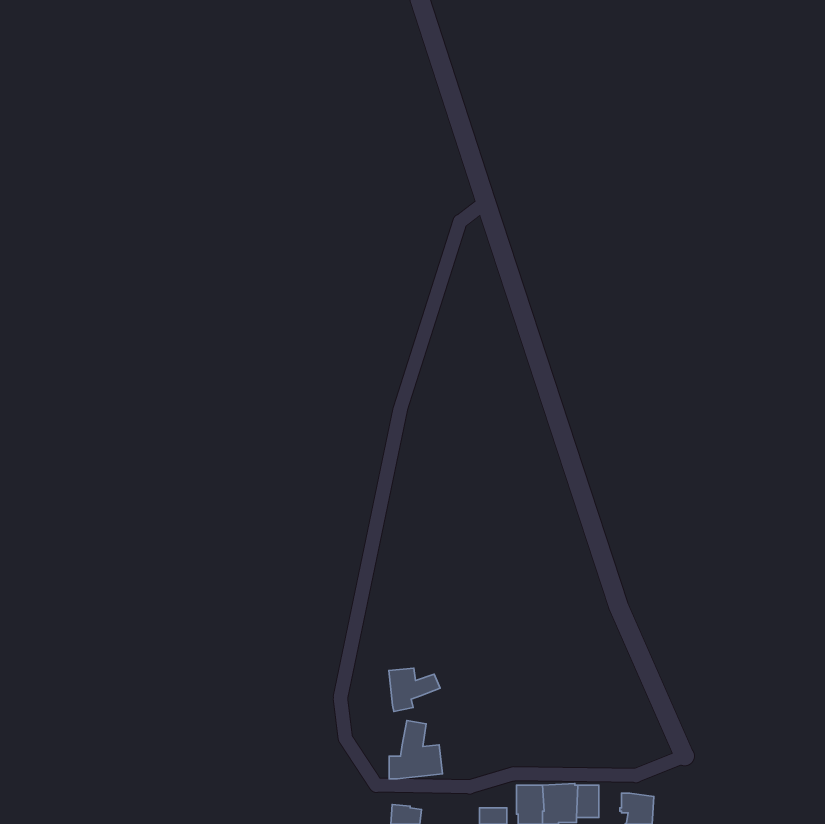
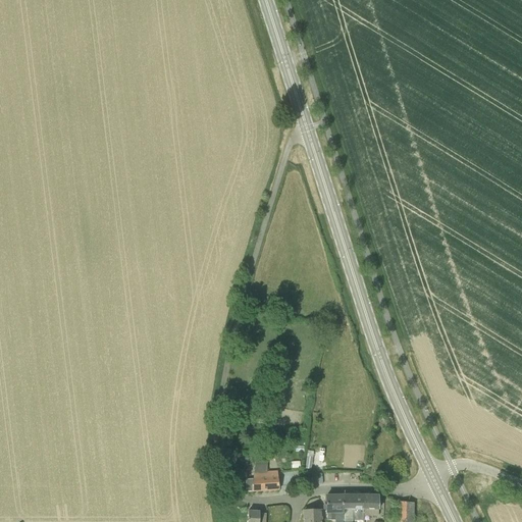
building: [389,668,440,711] -> none

